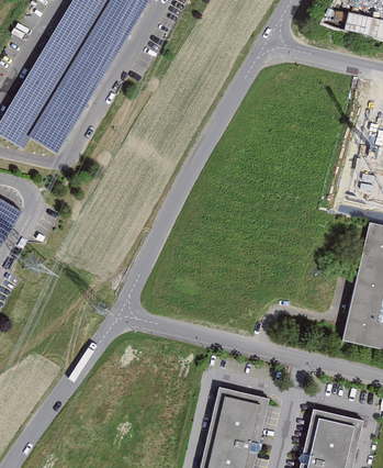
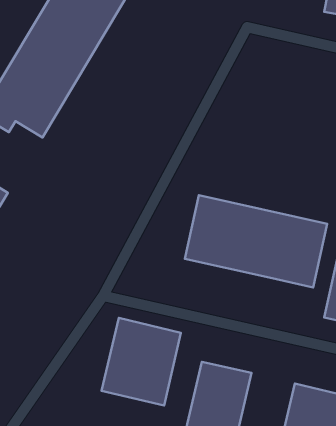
building: none -> [185,195,327,287]
building: none -> [102,318,181,405]

